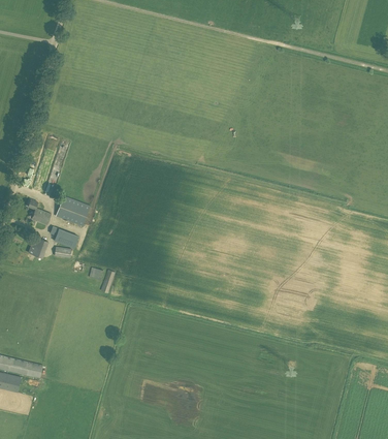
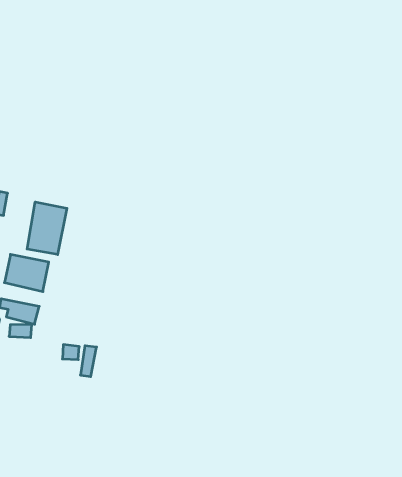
building: none -> [27,202,67,255]

